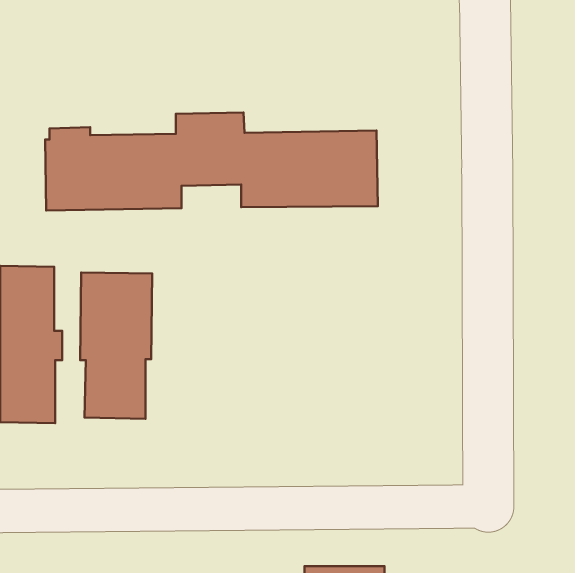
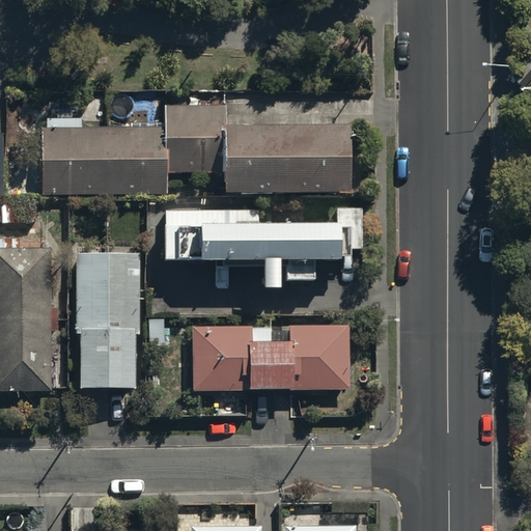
building: none -> [164,207,362,284]
building: none -> [193,325,348,390]

